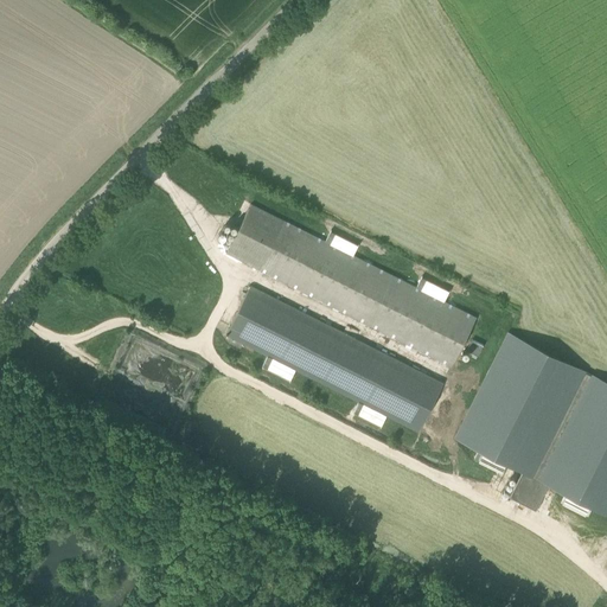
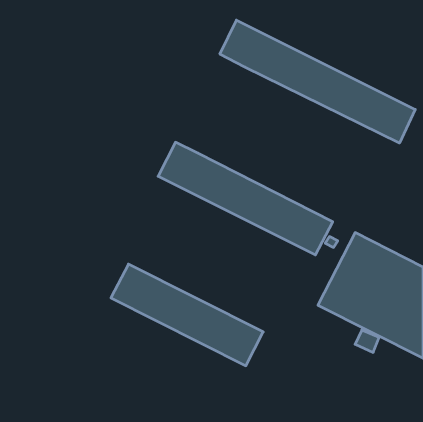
building: none -> [220,20,415,143]
building: [225,287,443,433] -> [111,264,263,366]

